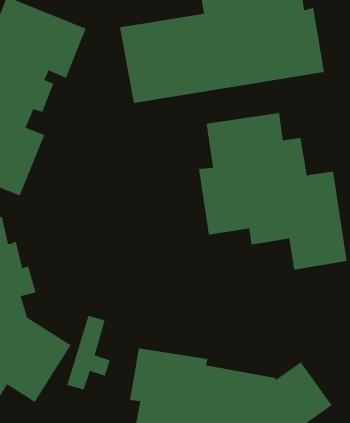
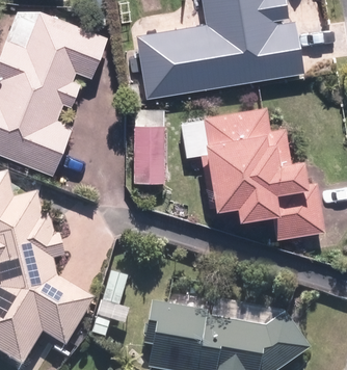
building: none -> [132,124,165,181]

